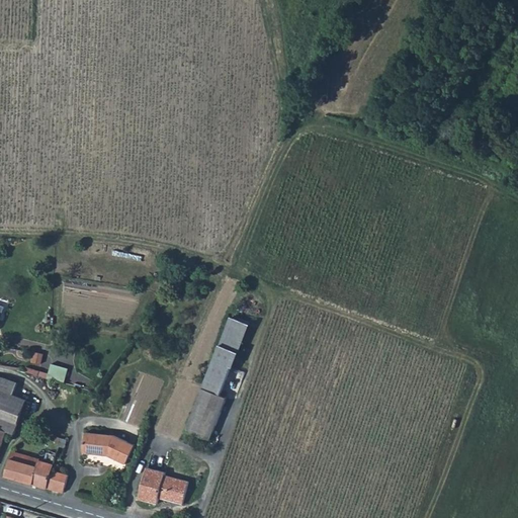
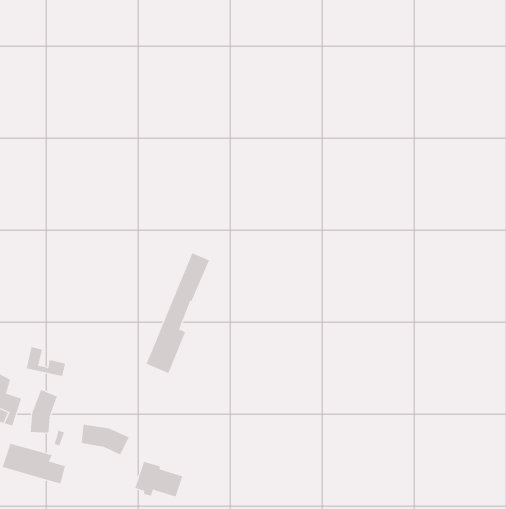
building: [184,317,249,440] -> [146,252,210,374]
building: none -> [30,389,57,434]

